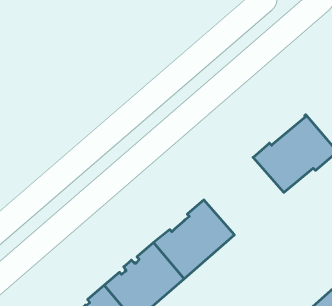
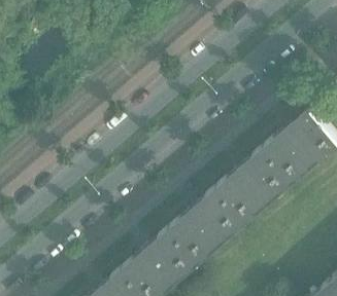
building: none -> [214,150,290,223]

